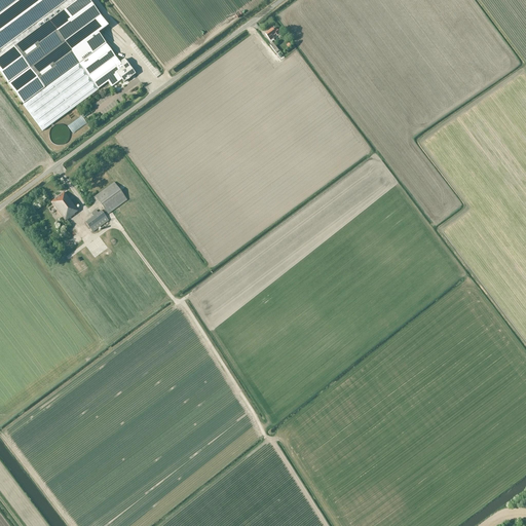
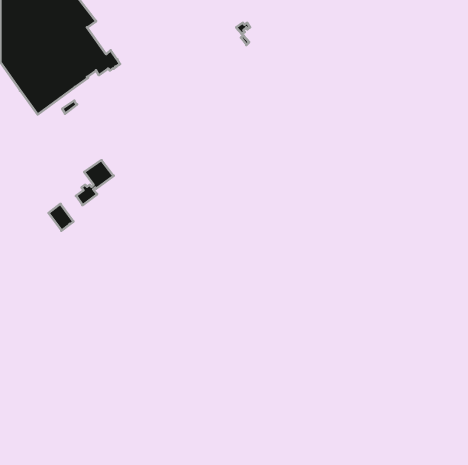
building: [50,189,78,219] -> [49,204,73,231]

